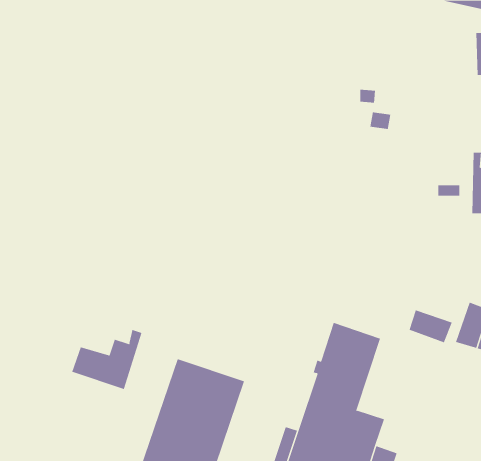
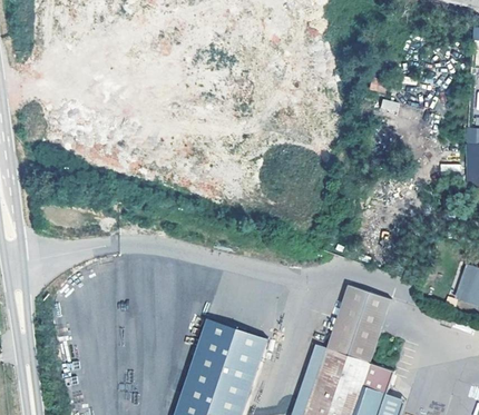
building: [409,309,452,343] -> none
building: [72,329,142,390] -> none

